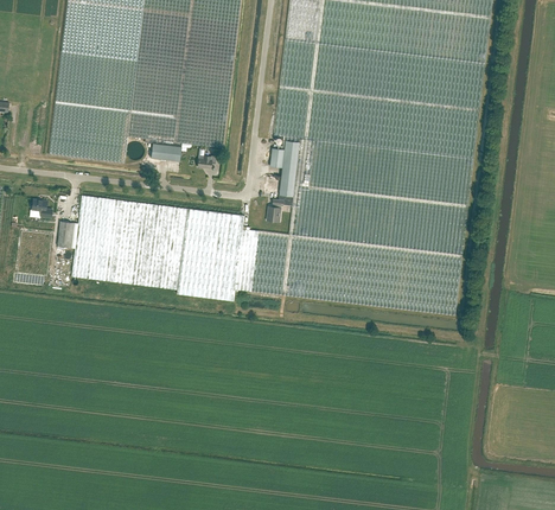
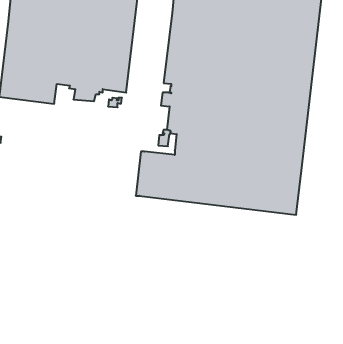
building: [56,193,243,299] -> none

